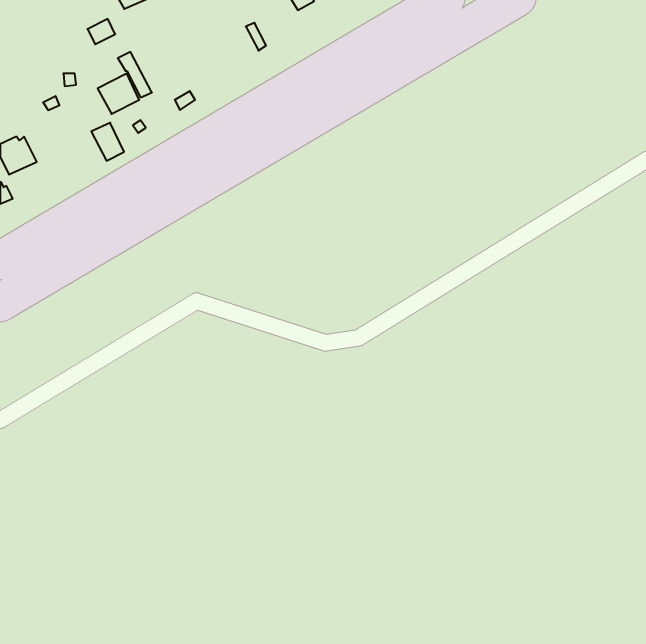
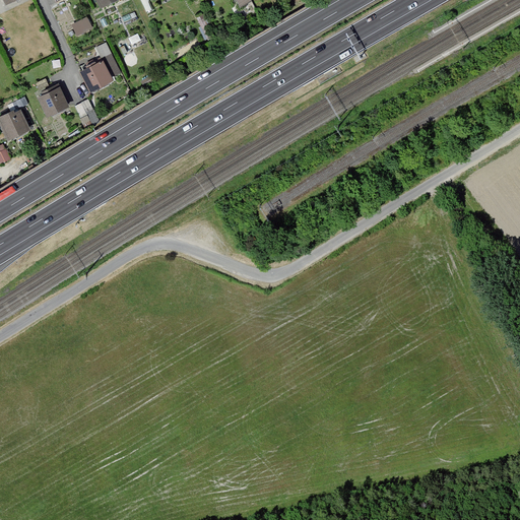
building: none -> [36,84,69,118]

